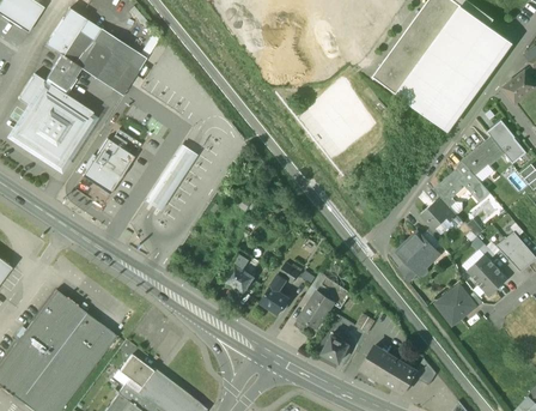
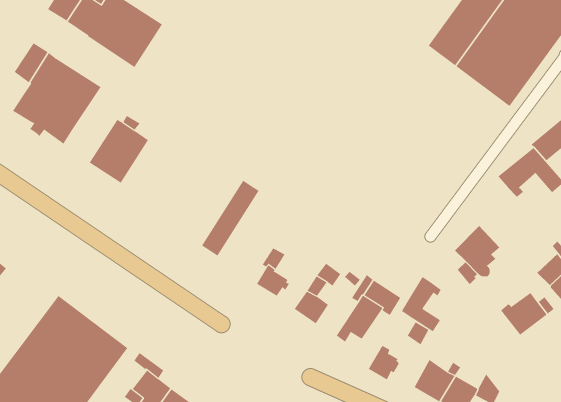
building: [47,54,81,95] -> none
building: [146,145,196,211] -> [201,180,260,256]
building: [421,198,458,229] -> none
building: none -> [401,276,442,332]

